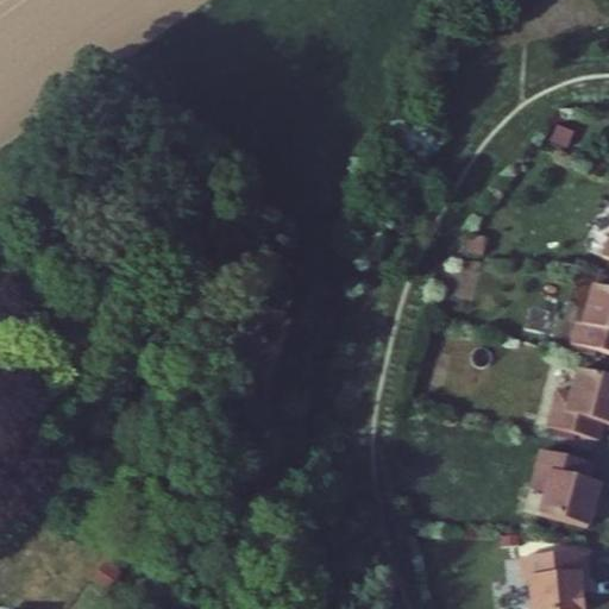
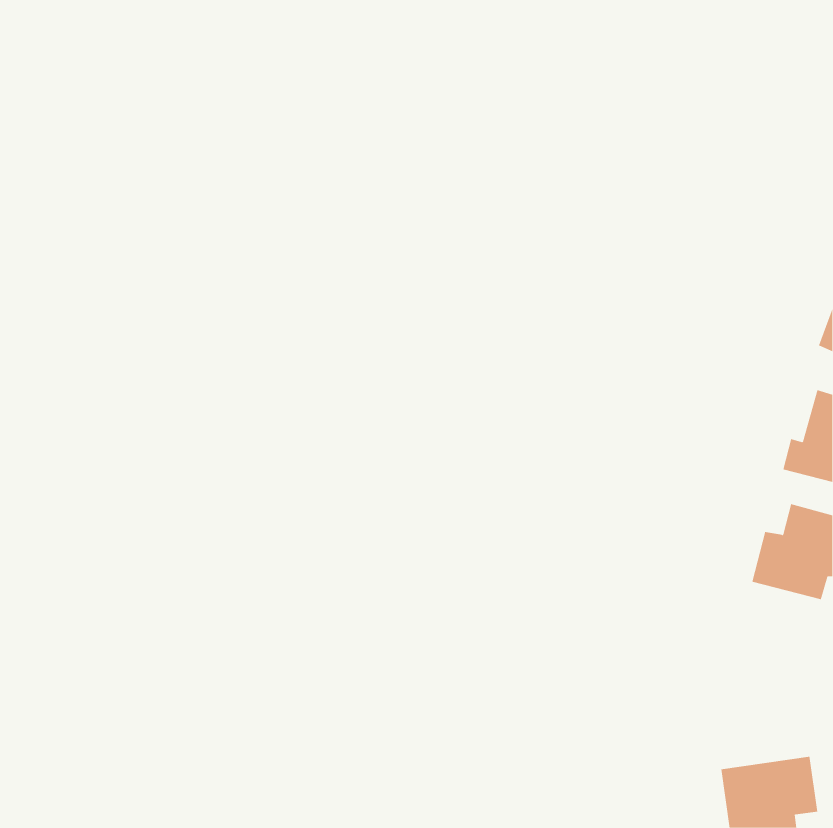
building: [533,448,599,527] -> none

